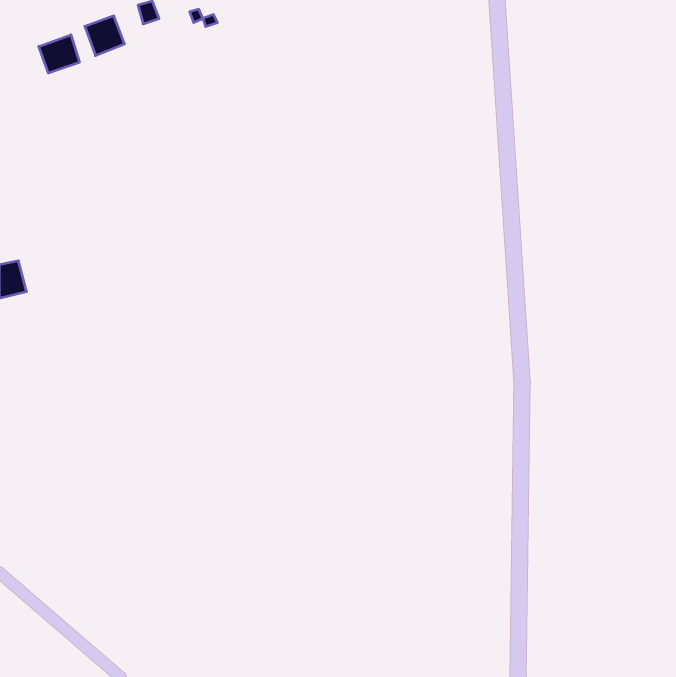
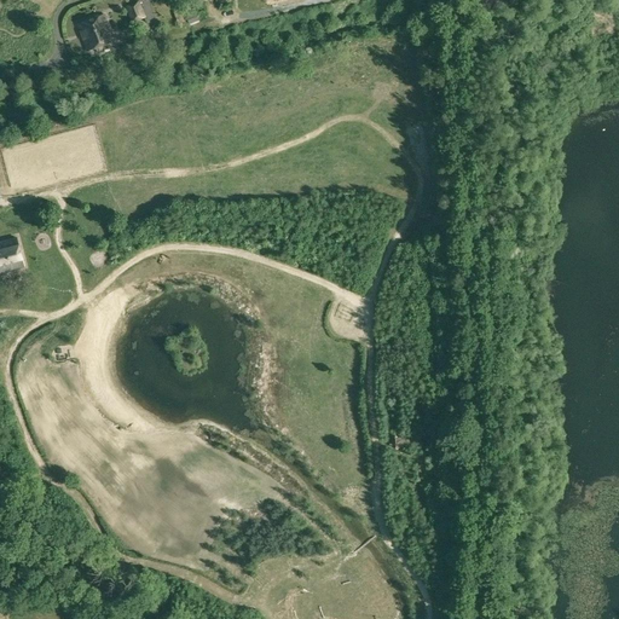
building: [39,35,79,73] -> none

